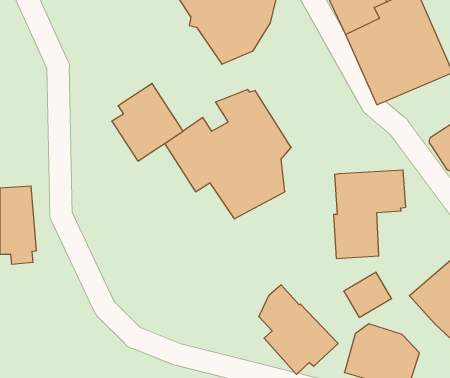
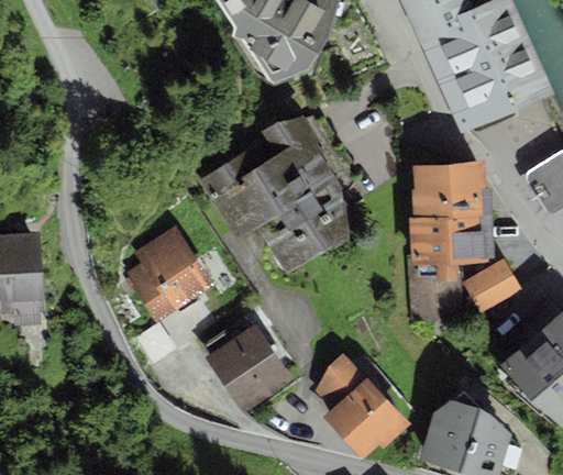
building: [112,83,183,161] -> [125,225,212,320]
building: none -> [411,161,492,217]
building: none -> [205,318,292,413]
building: [344,272,392,317] -> [463,258,521,313]

